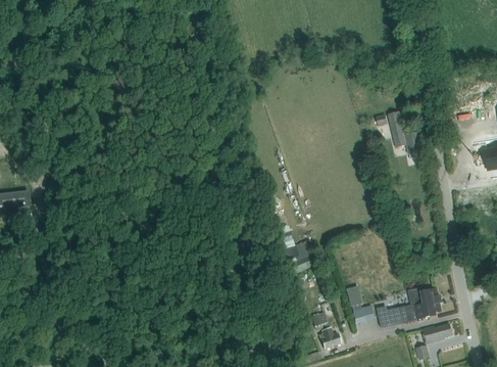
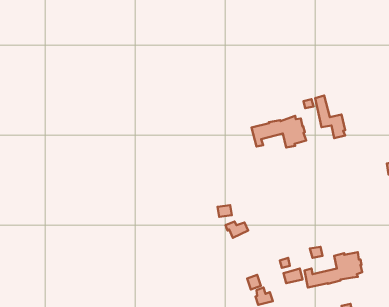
building: none -> [252,116,306,148]
building: [424,322,454,343] -> none

